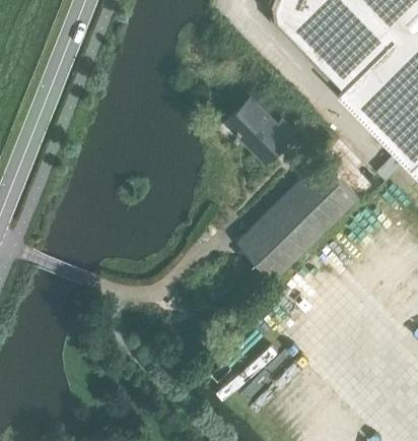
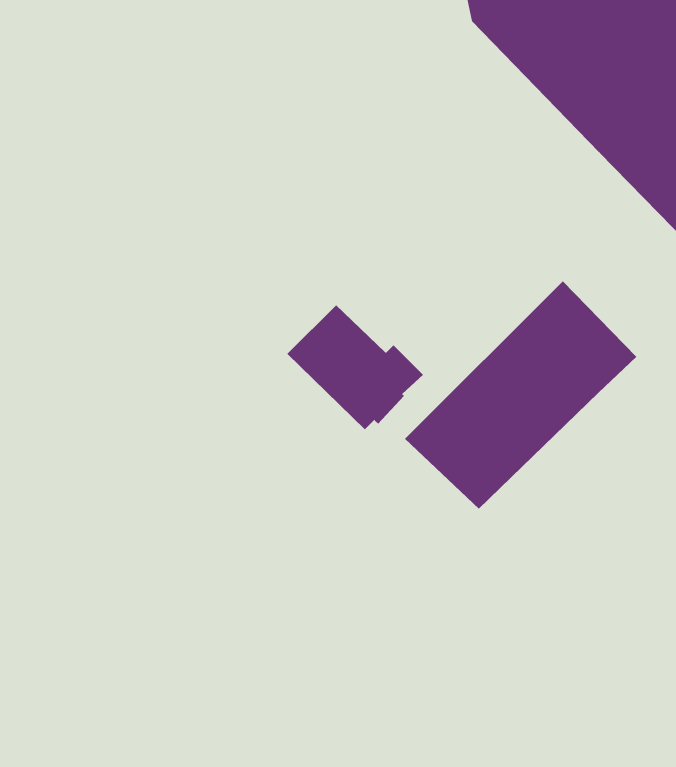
building: [225,96,298,163] -> [286,304,424,430]

